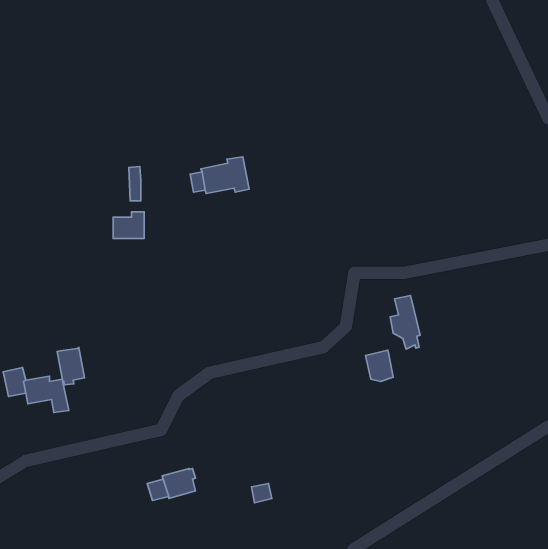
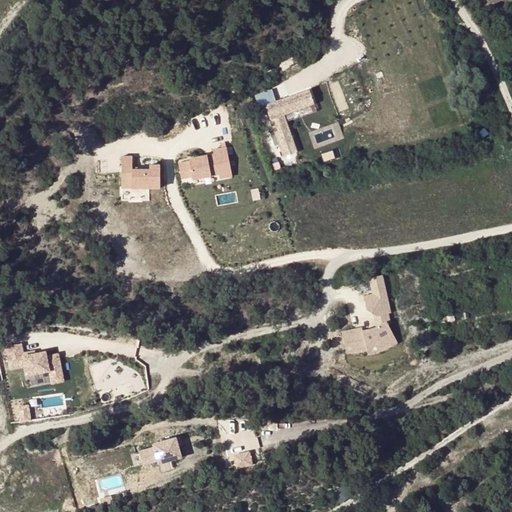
building: none -> [263,88,314,158]
building: [113,212,144,239] -> [131,163,160,188]
building: none -> [362,321,397,355]
building: [57,348,84,385] -> none

